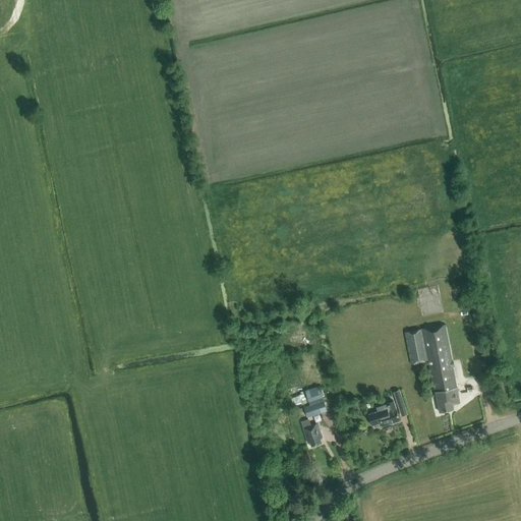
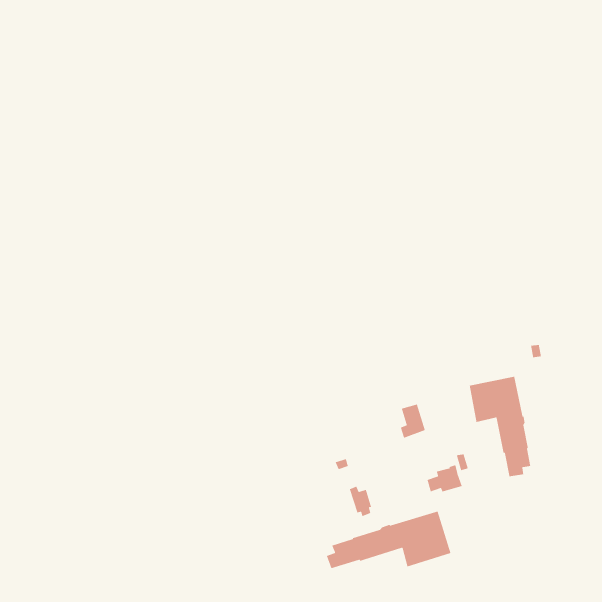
building: [304,387,327,417] -> [400,404,426,439]
building: none -> [326,510,451,569]

